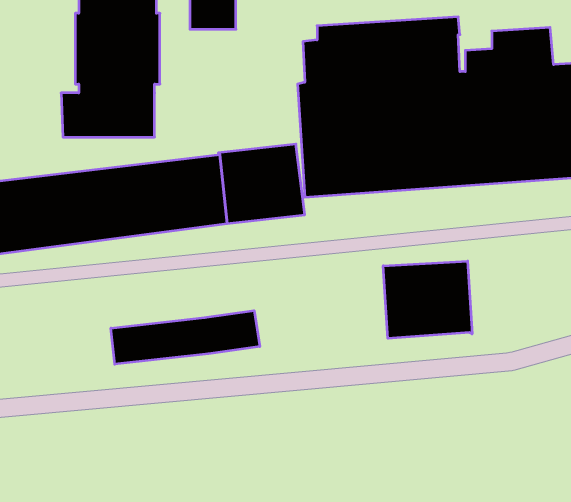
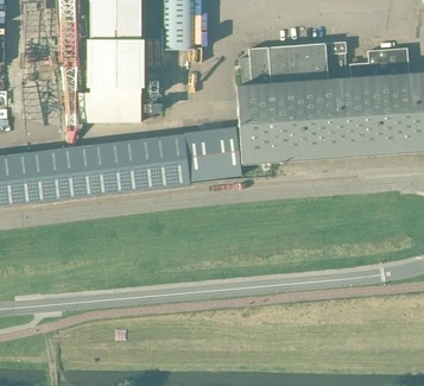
building: [383,261,472,338] -> none
building: [111,311,260,364] -> none

